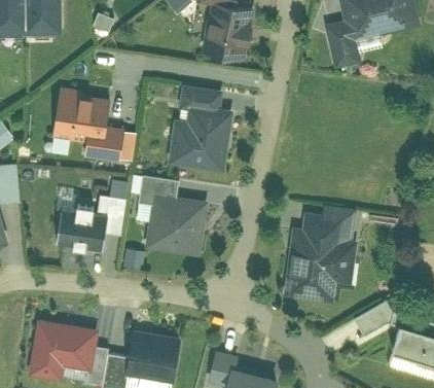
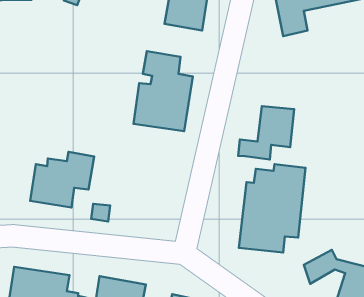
building: [51,90,135,163] -> none
building: none -> [238,106,294,159]
building: [129,175,207,258] -> none

